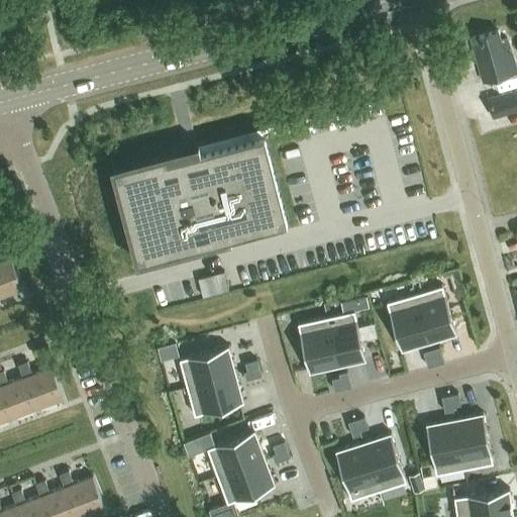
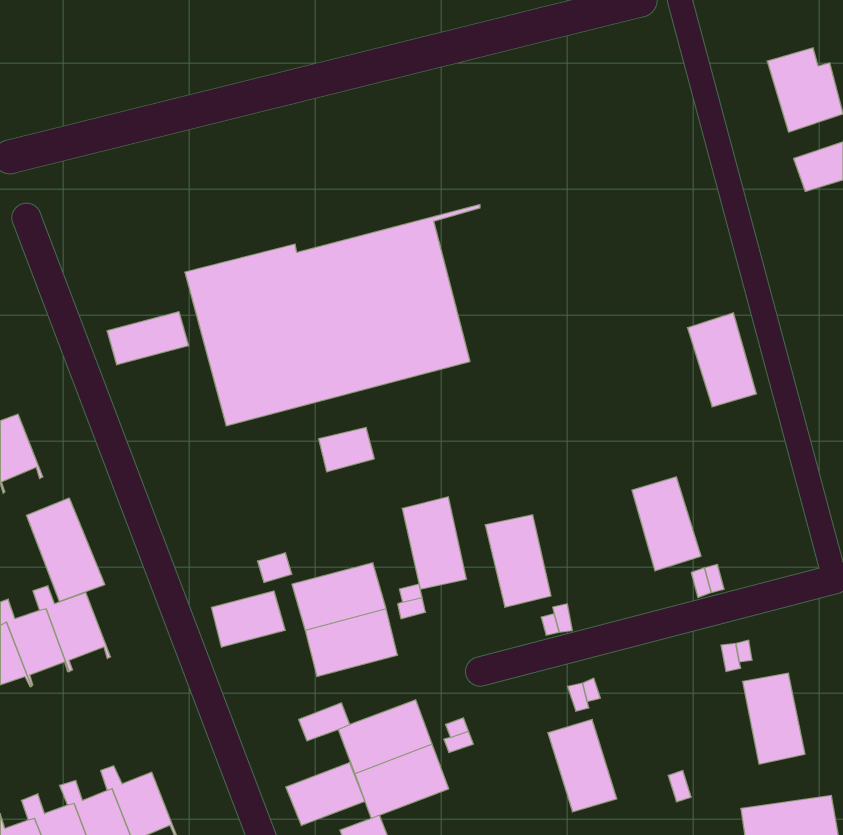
building: none -> [107,312,189,365]
building: [414,288,456,345] -> [687,313,757,407]
building: none -> [26,498,105,602]
building: [326,313,366,370] -> [402,497,466,589]
building: none -> [212,591,285,647]
building: [425,422,464,478] -> none
building: [363,436,406,494] -> none
building: none -> [286,762,365,826]

